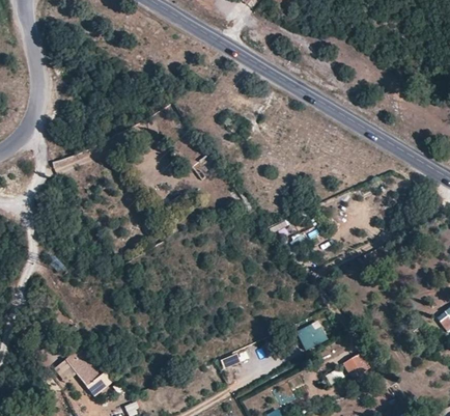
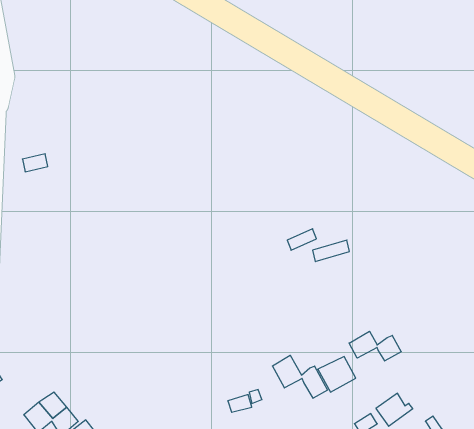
building: none -> [349,331,401,361]
building: none -> [272,355,328,398]

